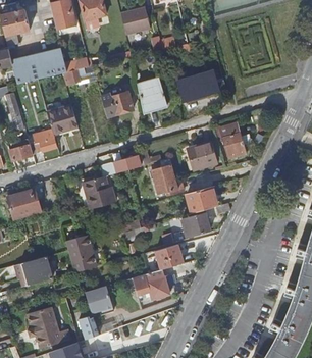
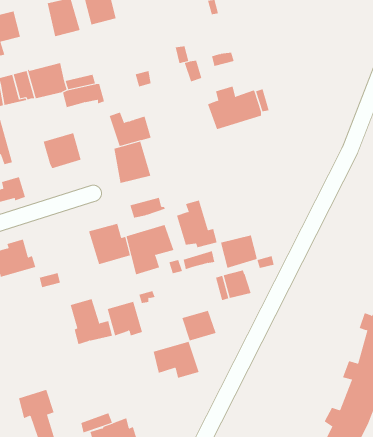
building: [120,7,150,35] -> none
building: [137,78,166,111] -> [113,141,151,184]
building: [221,124,247,158] -> none
building: [28,130,57,153] -> none
building: [184,143,217,171] -> none
building: none -> [126,224,174,275]
building: [22,256,56,286] -> none
building: [86,286,114,313] -> [107,301,143,336]

